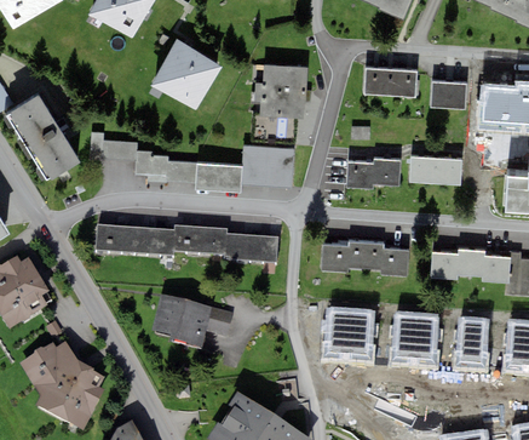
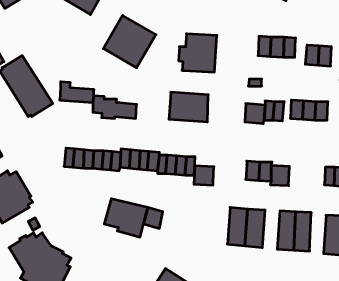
building: [195,162,242,193] -> none
building: [321,245,349,272] -> [194,166,214,185]
building: [431,252,458,279] -> none

